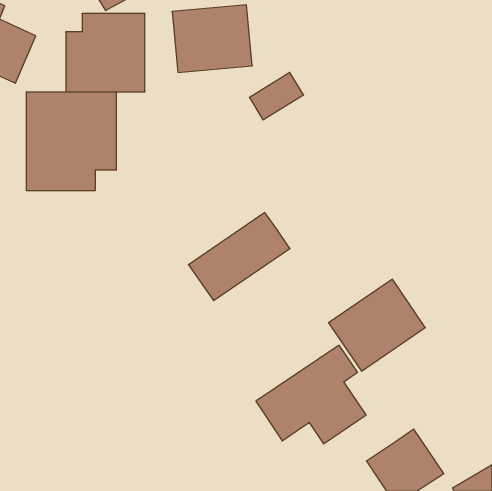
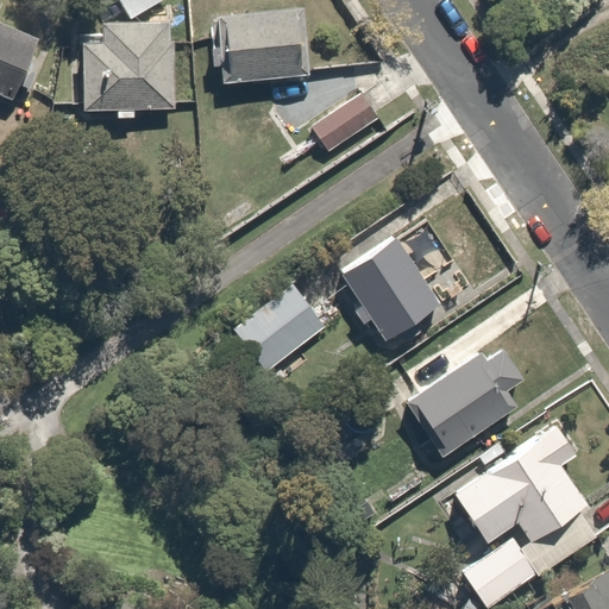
building: [26,92,116,191] -> none
building: none -> [341,245,438,344]
building: [256,345,366,444] -> [454,426,590,547]

